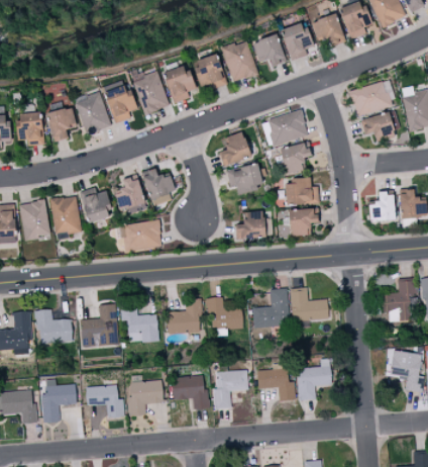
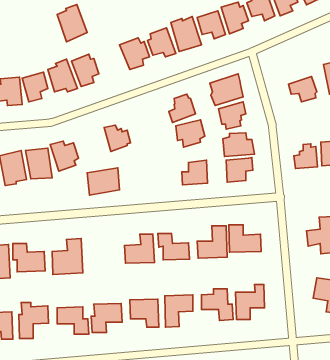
building: [133,72,169,116] -> [57,4,87,42]
building: [348,82,392,116] -> none
building: [115,177,144,209] -> none
building: [120,306,157,343] -> none

